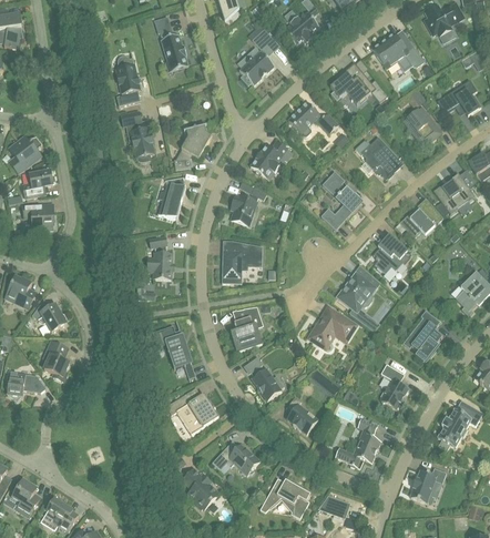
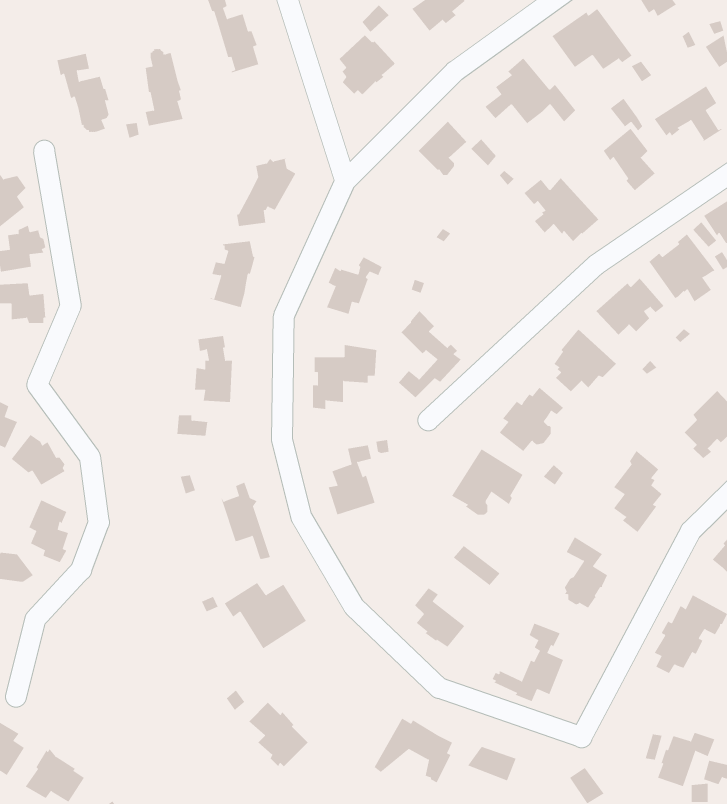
building: [120,111,153,161] -> [57,53,109,132]
building: [249,141,290,179] -> none
building: [320,170,360,225] -> [398,310,461,398]
building: [244,356,283,399] -> none
building: [211,444,259,474] -> none
building: [409,467,446,501] -> [657,732,715,787]

